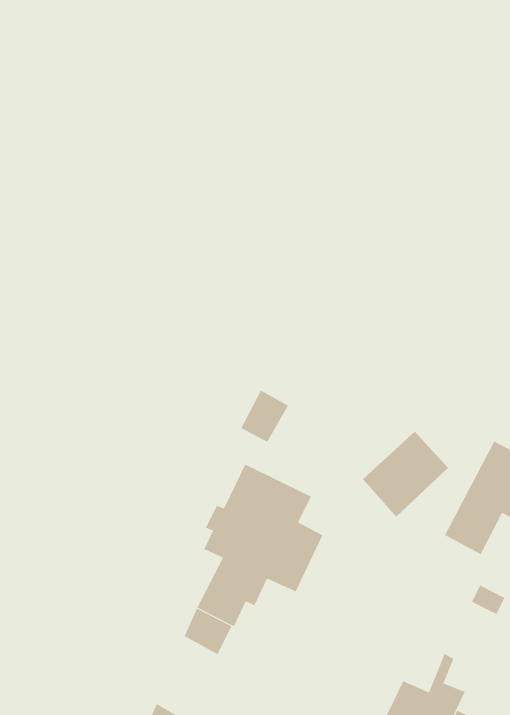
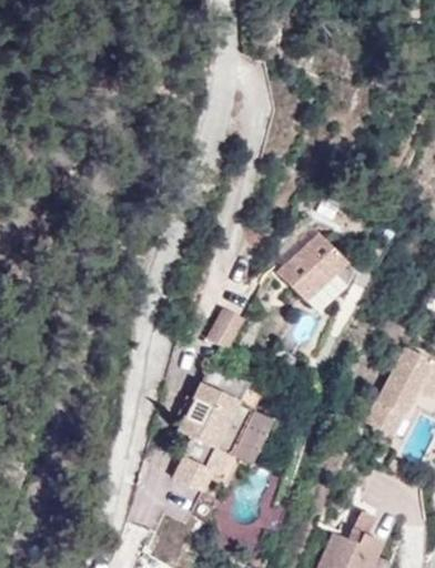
building: [362,431,449,518] -> [279,234,346,302]

